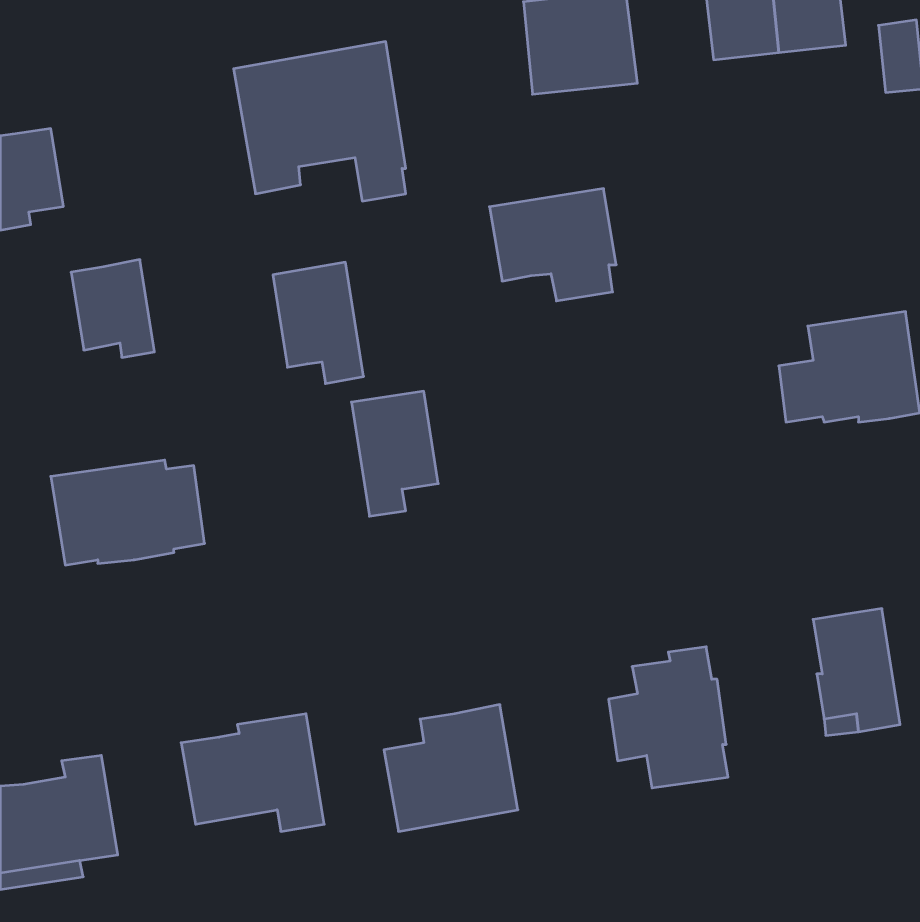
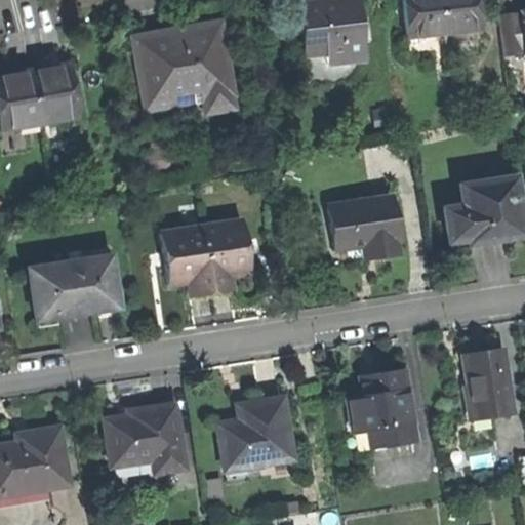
building: [489,189,616,301] -> [328,193,400,256]
building: [71,260,154,357] -> [32,66,79,121]
building: [273,262,364,384] -> [161,228,212,296]

